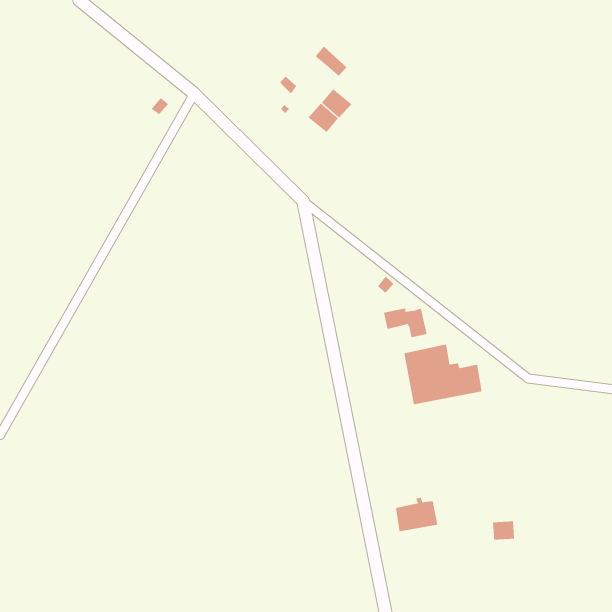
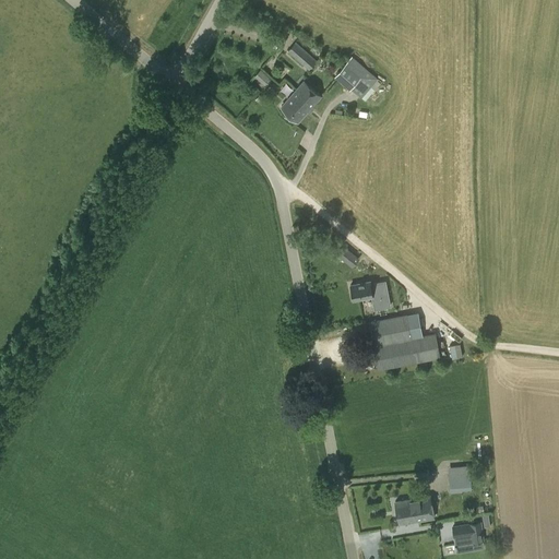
building: none -> [334,59,376,98]
building: [395,497,438,532] -> [395,492,435,524]
building: none -> [453,523,483,544]

